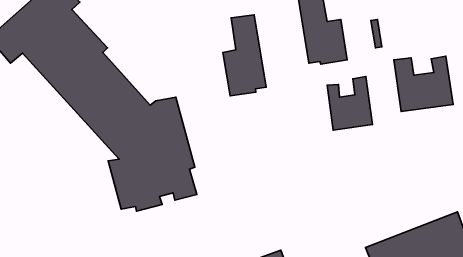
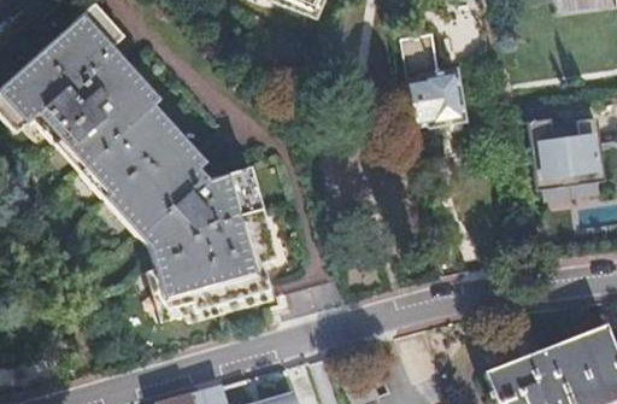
building: [223,15,266,96] -> none
building: [327,77,372,130] -> none

